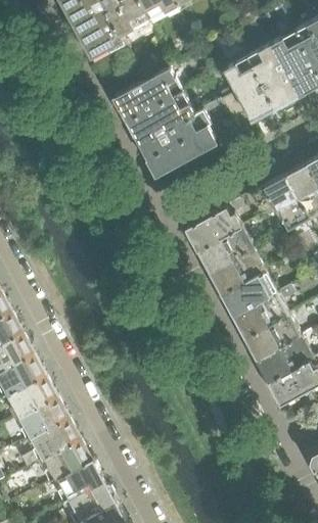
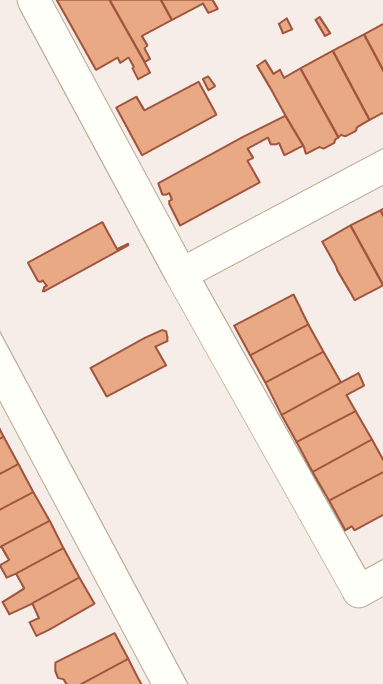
building: [127,91,202,143] -> [28,222,128,291]
building: [184,200,242,250] -> [90,330,168,396]
building: [56,459,106,505] -> none

